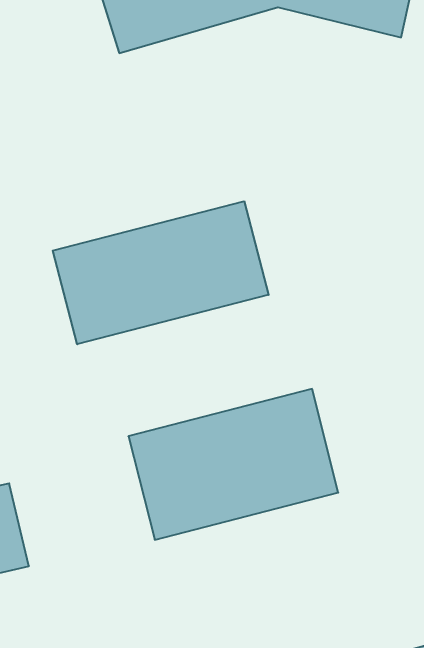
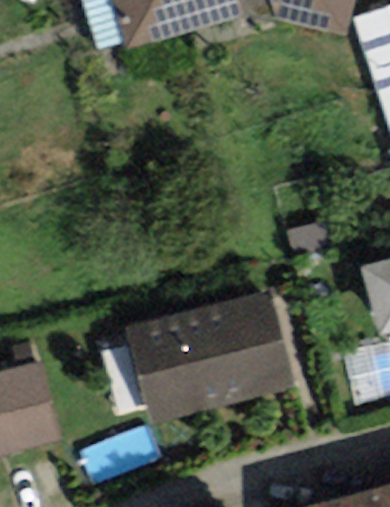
building: [53,201,269,344] -> none

